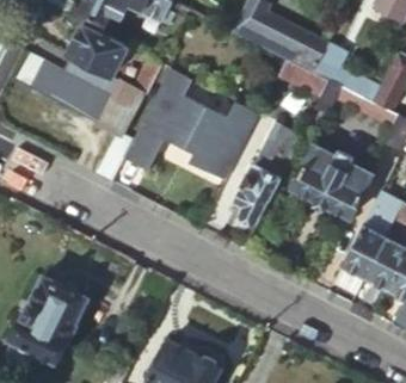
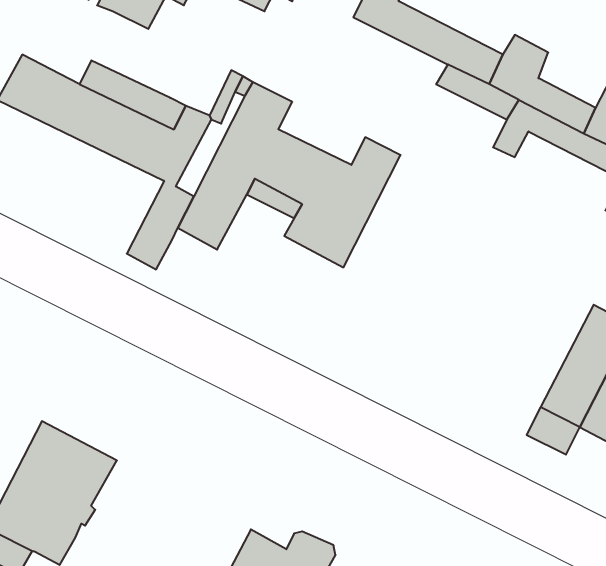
building: [70,26,134,79] -> none
building: [233,124,301,220] -> none
building: [293,144,373,216] -> none

